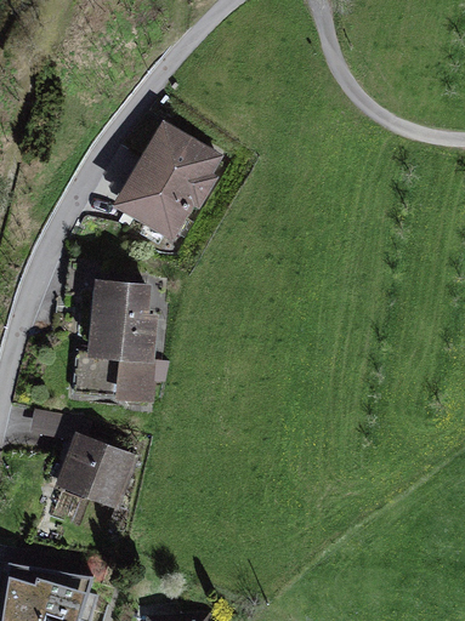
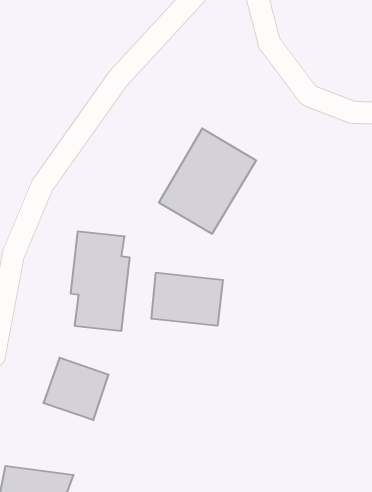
building: [110,119,228,246] -> [159,128,256,234]
building: none -> [152,273,223,326]

